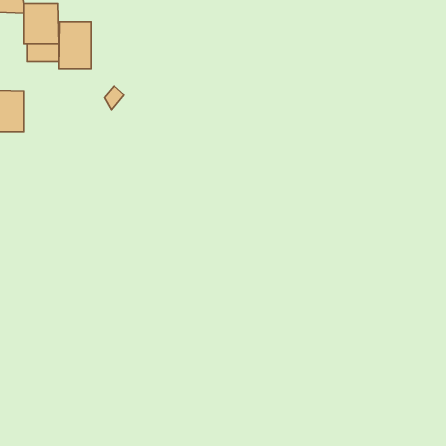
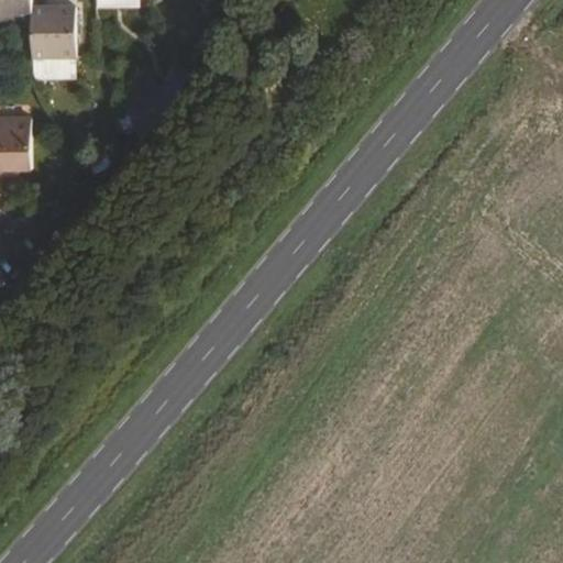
building: [59,22,91,69] -> none

